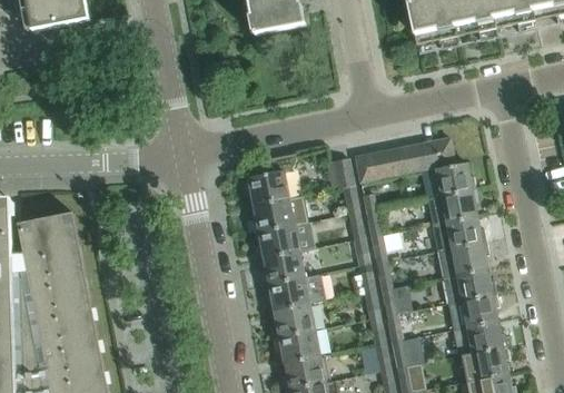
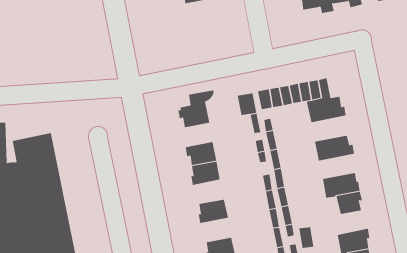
building: [427,188,479,224] -> none
building: [251,198,294,232] -> none
building: [437,240,489,275] -> none
building: [265,273,325,310] -> none
building: [453,318,506,353] -> none
building: [275,328,319,362] -> none

